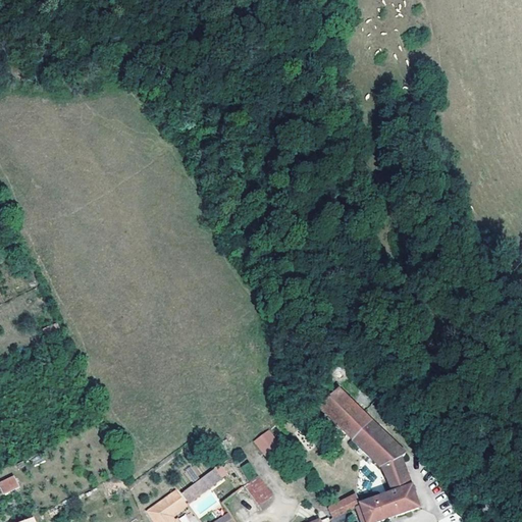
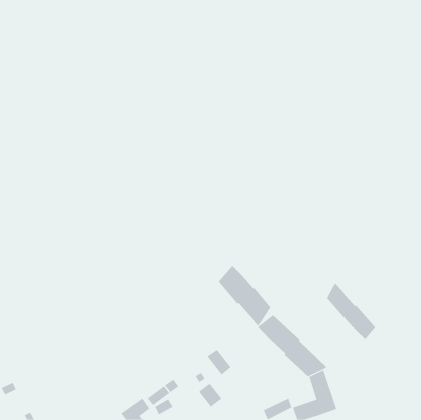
building: none -> [218,265,271,326]
building: none -> [326,283,376,340]

